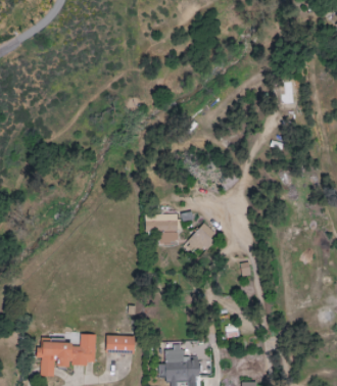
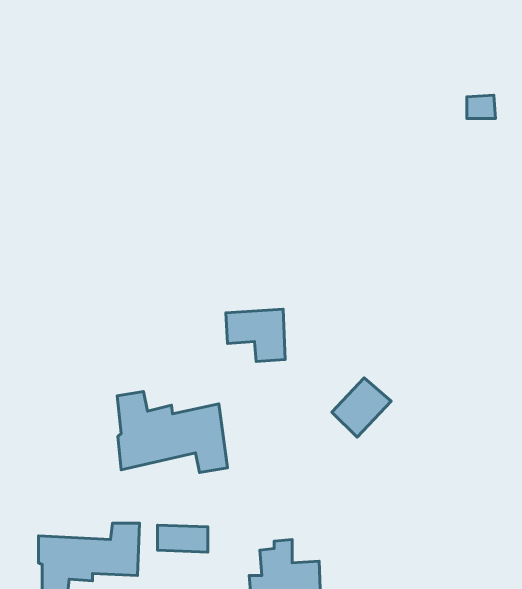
building: [186,223,220,256] -> [332,378,391,437]
building: none -> [117,392,228,473]

